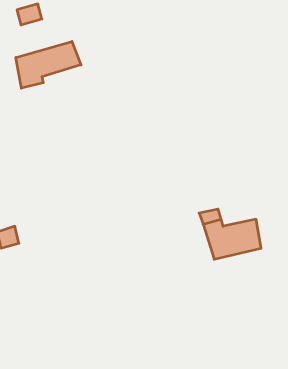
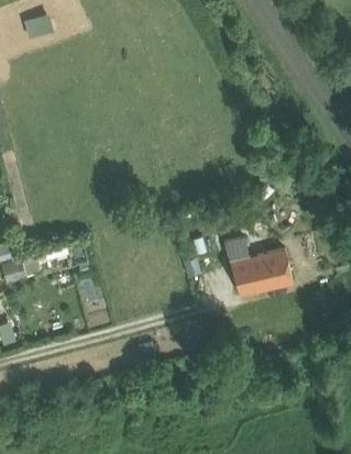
building: [16,41,81,88] -> none

